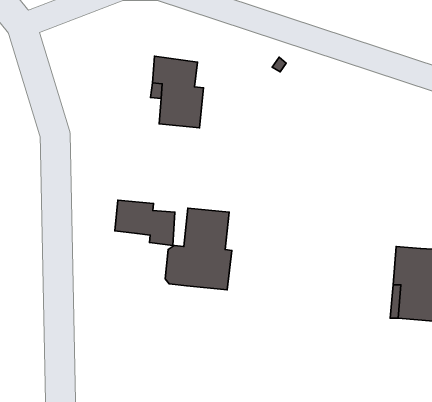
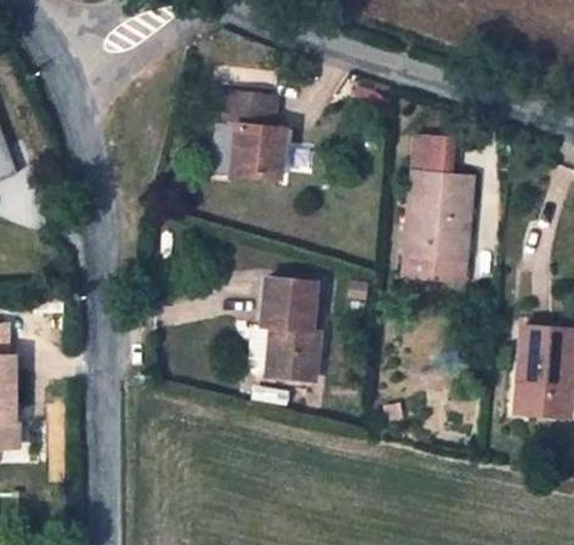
building: none -> [403,137,476,280]
building: [115,200,175,245] -> none

